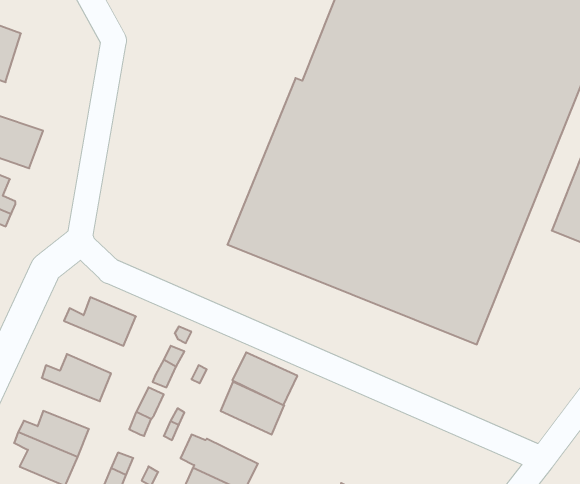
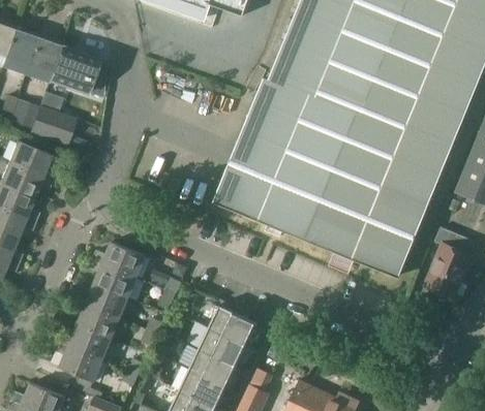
building: none -> [48,45,96,93]
building: none -> [425,227,471,297]
building: none -> [88,259,135,298]
building: [232,352,297,405] -> [198,326,246,366]
building: none -> [70,302,118,340]

